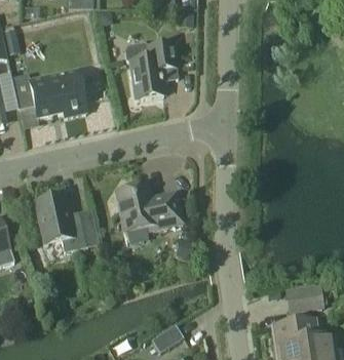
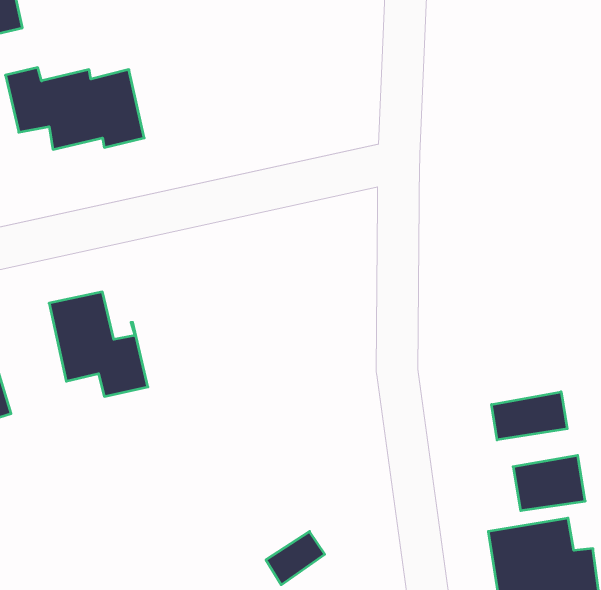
building: [124,41,178,97] -> none
building: [115,184,183,231] -> none
building: none -> [492,392,567,440]

